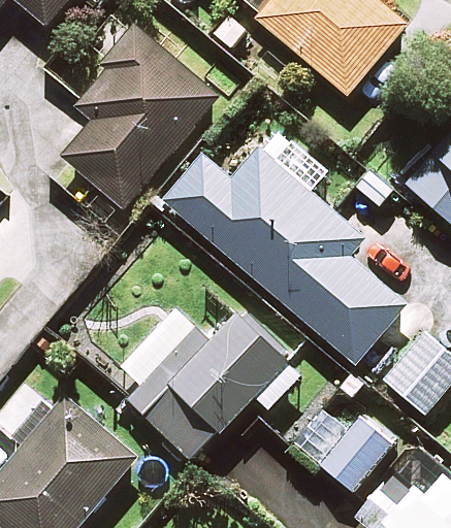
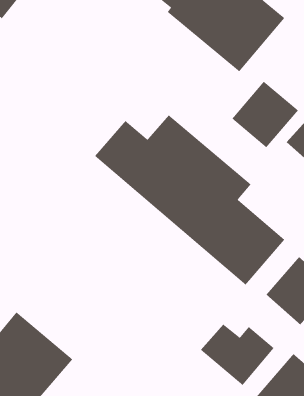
building: [63,25,218,208] -> none
building: none -> [231,81,299,148]
building: [115,312,299,460] -> none

